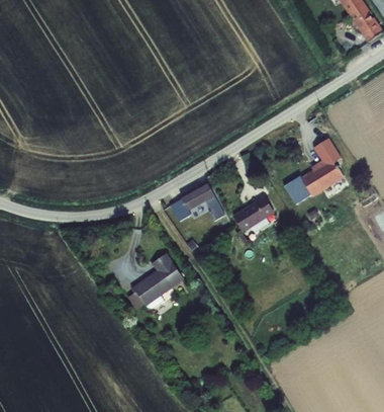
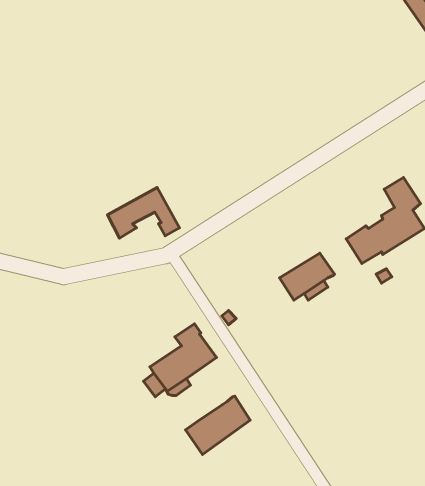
building: [170,183,225,223] -> [108,187,180,238]
building: none -> [185,396,250,455]

